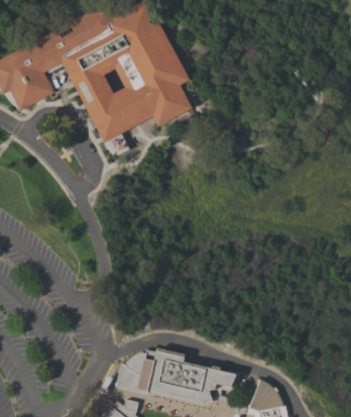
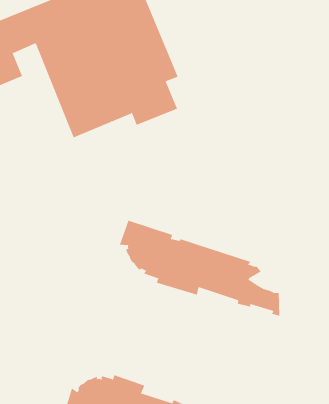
building: none -> [119,220,280,316]

